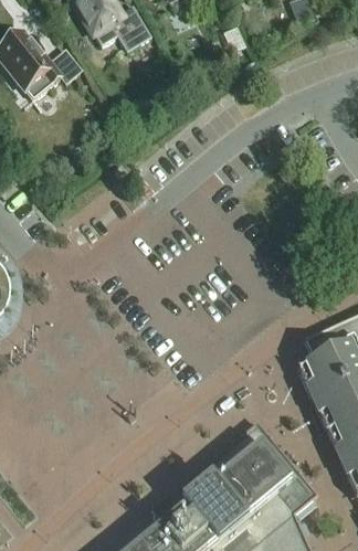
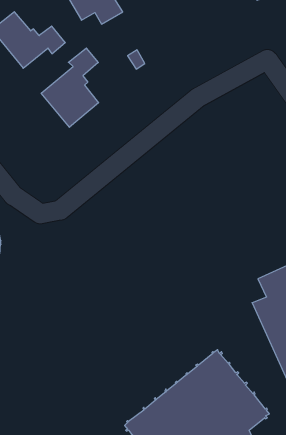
building: none -> [41,48,99,127]

